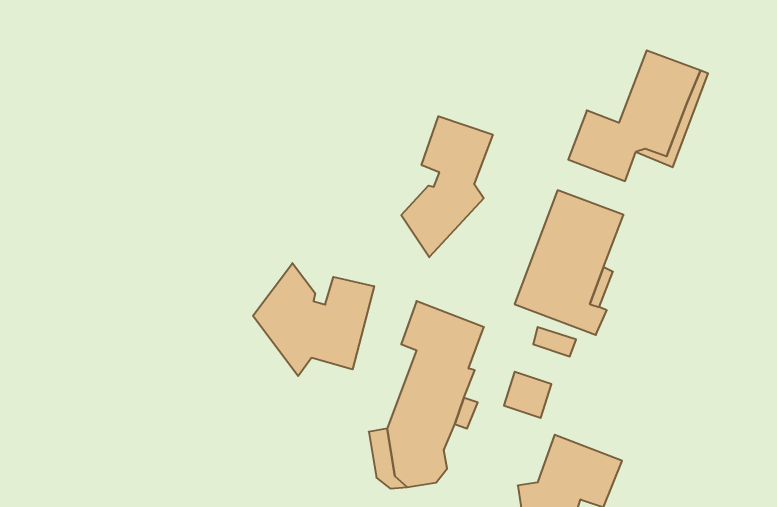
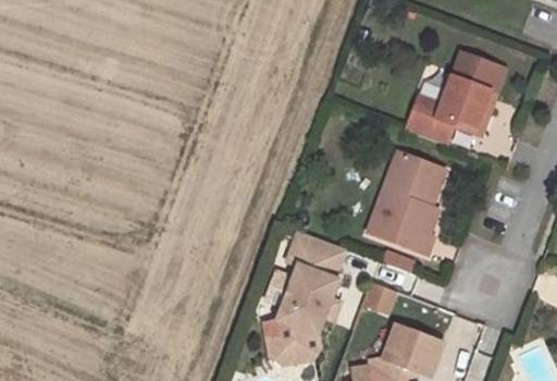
building: [401,116,493,257] -> none
building: [253,263,374,376] -> none

